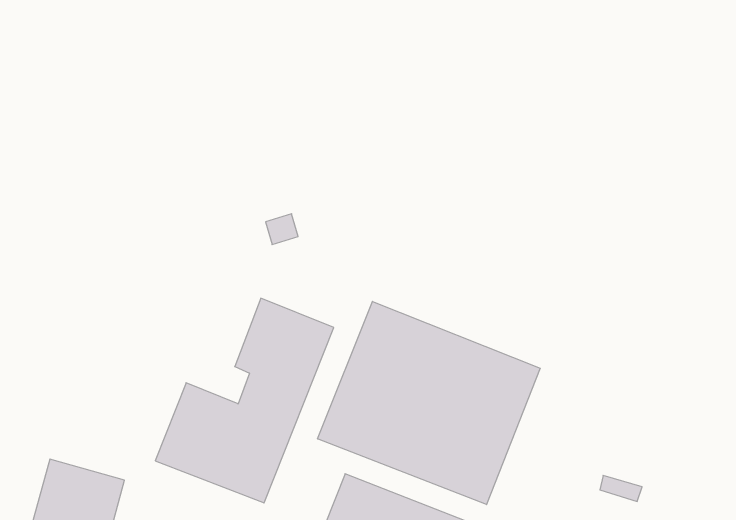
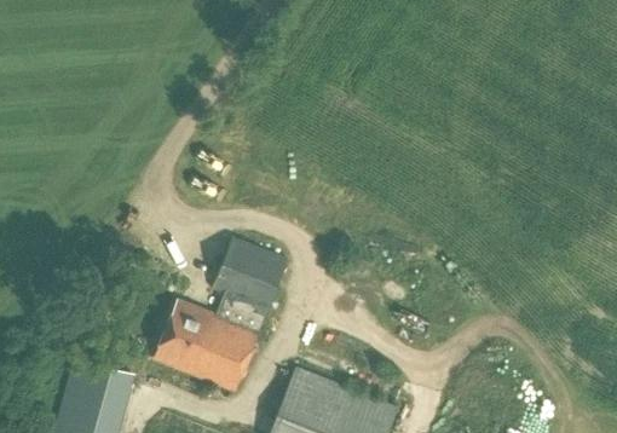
building: [318,301,540,505] -> none

